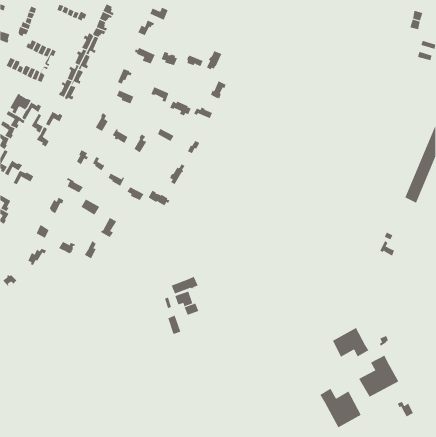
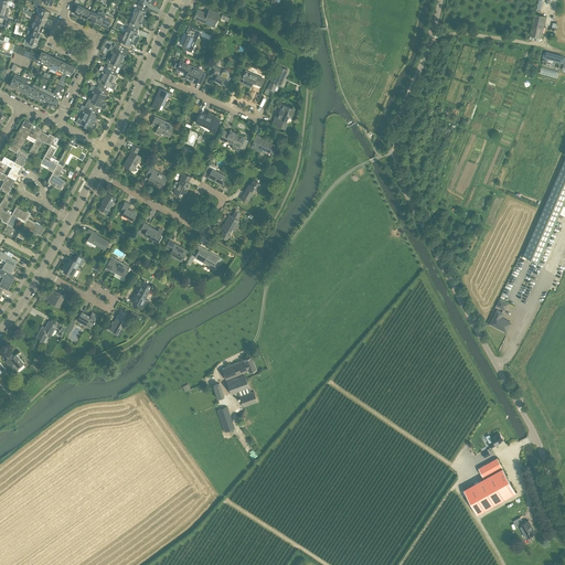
building: [332,327,369,358] -> none
building: [319,388,361,428] -> none

